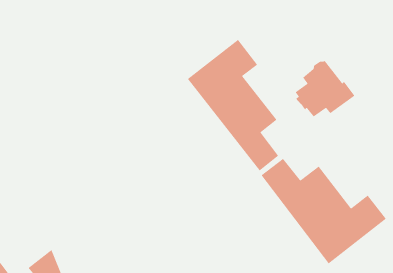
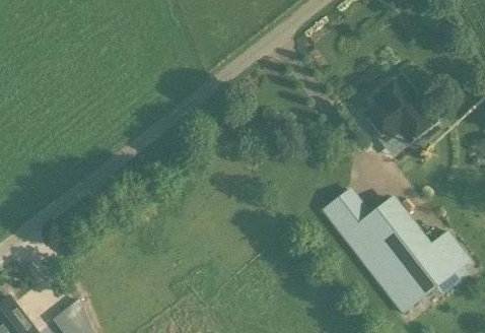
building: [187,39,279,171] -> none

